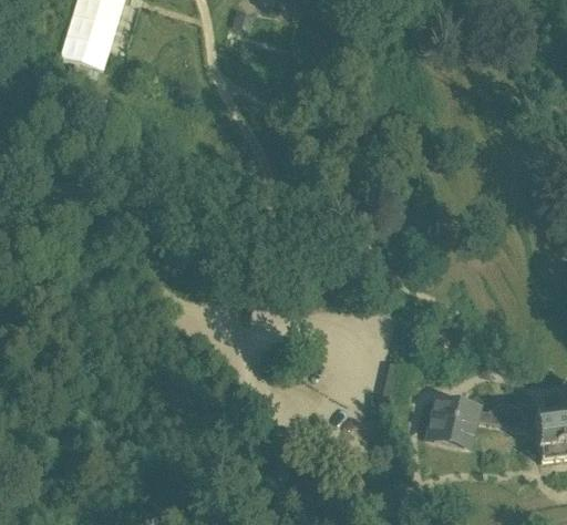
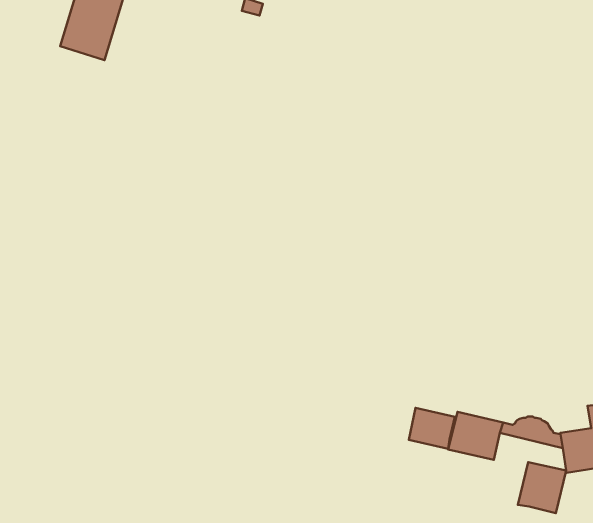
building: none -> [409,408,455,449]
building: none -> [518,462,566,513]

